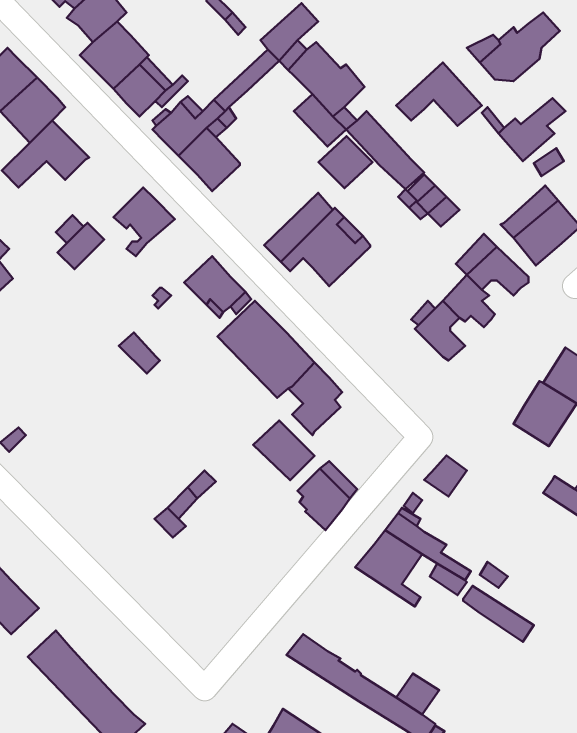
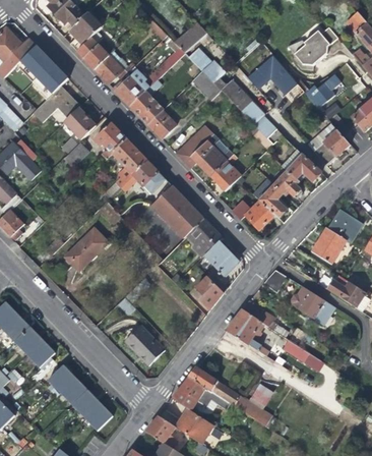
building: [319,136,373,188] -> [147,110,177,138]
building: none -> [64,107,96,139]
building: none -> [112,139,147,174]
building: none -> [211,155,241,190]
building: none -> [244,199,273,229]
building: none -> [62,227,109,272]
building: [253,421,314,480] -> [203,242,237,275]
building: none -> [291,287,334,326]
building: none -> [124,325,164,364]
building: none -> [174,378,228,409]

